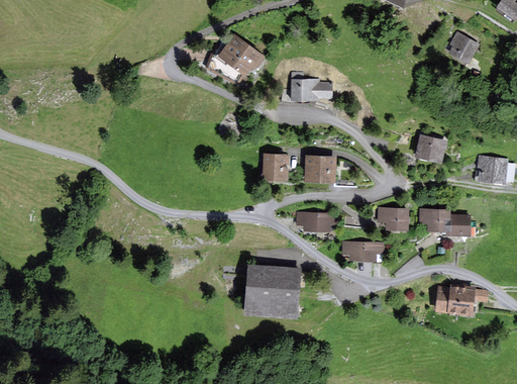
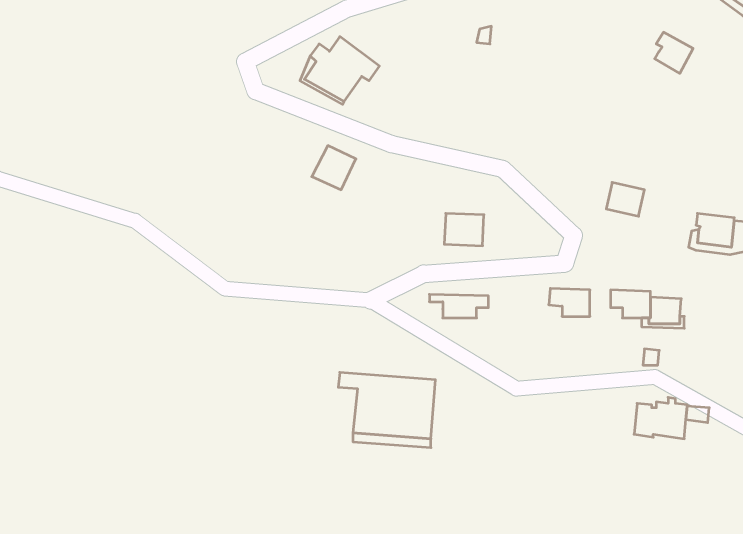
building: [282,72,332,104] -> none
building: [266,155,288,177] -> none
building: [343,242,384,258] -> none

